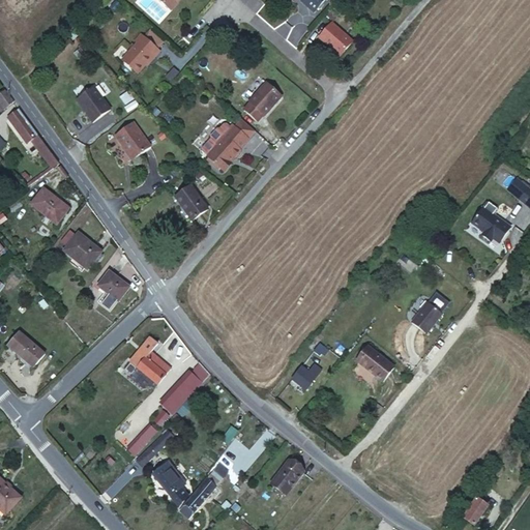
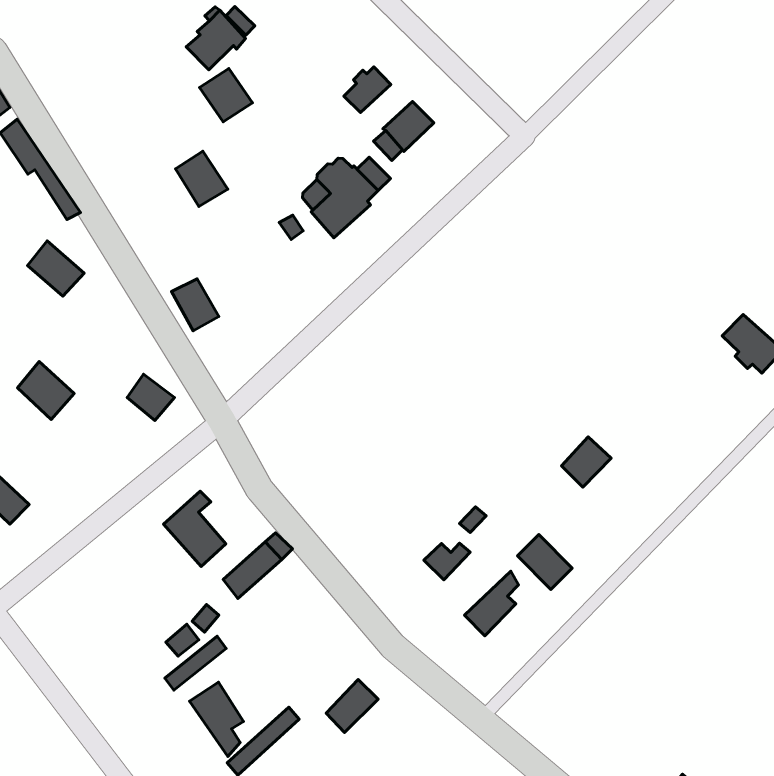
building: [320,22,352,53] -> none
building: none -> [344,67,391,113]
building: [81,85,115,119] -> [200,68,252,122]
building: [180,189,211,223] -> [172,279,219,331]
building: [64,230,100,266] -> [18,362,74,420]
building: [412,295,443,327] -> [562,437,611,487]
building: none -> [464,571,518,636]
building: [269,463,301,497] -> [326,680,378,733]

